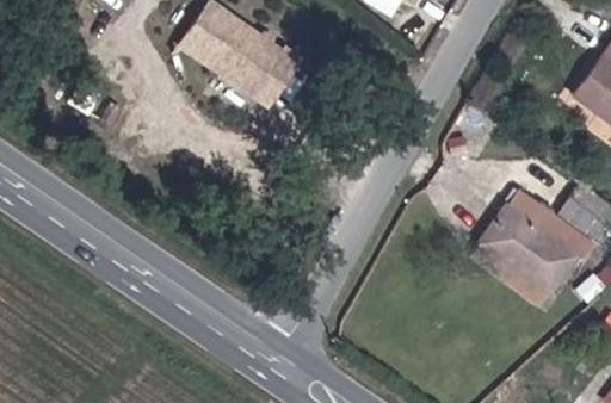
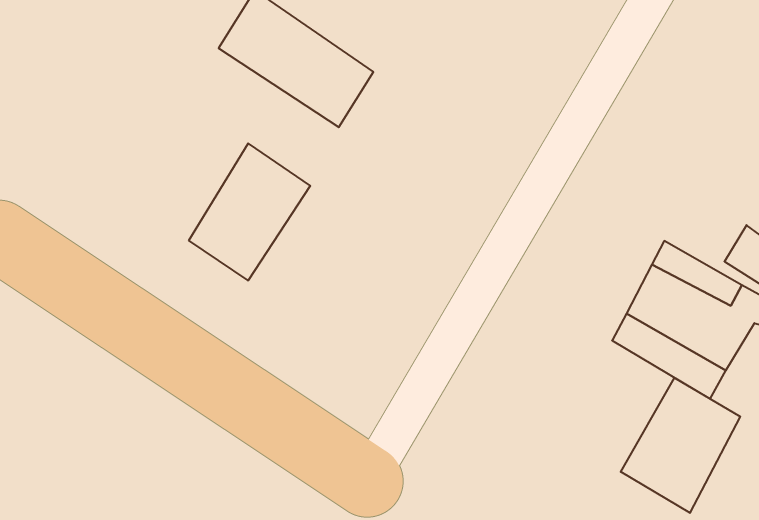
building: none -> [189,143,310,281]
building: none -> [621,378,740,513]

